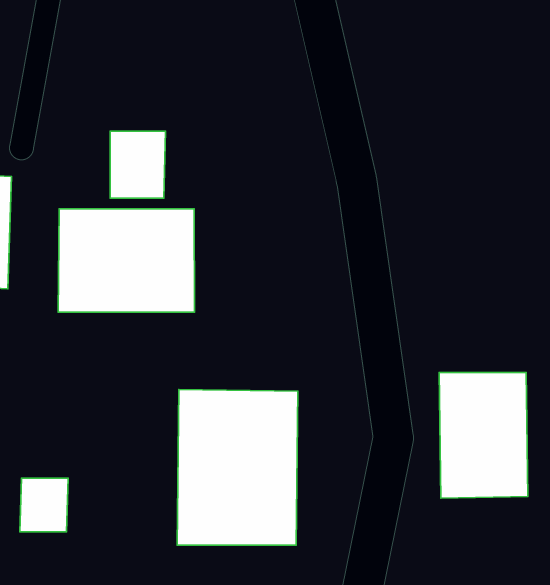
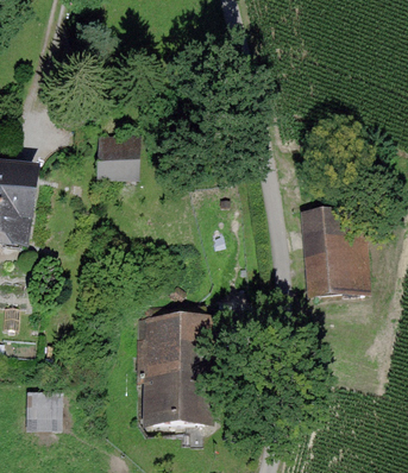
building: [58,209,195,312] -> none
building: [439,373,528,498] -> [303,206,366,295]

